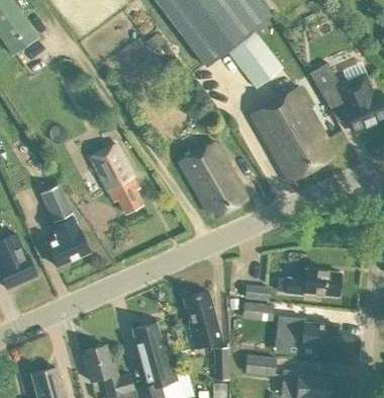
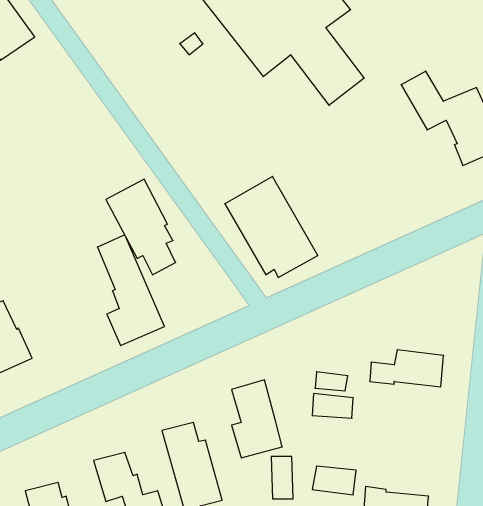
building: [250,87,333,182] -> none
building: [39,184,89,266] -> [97,235,164,346]
building: [287,317,335,348] -> none

